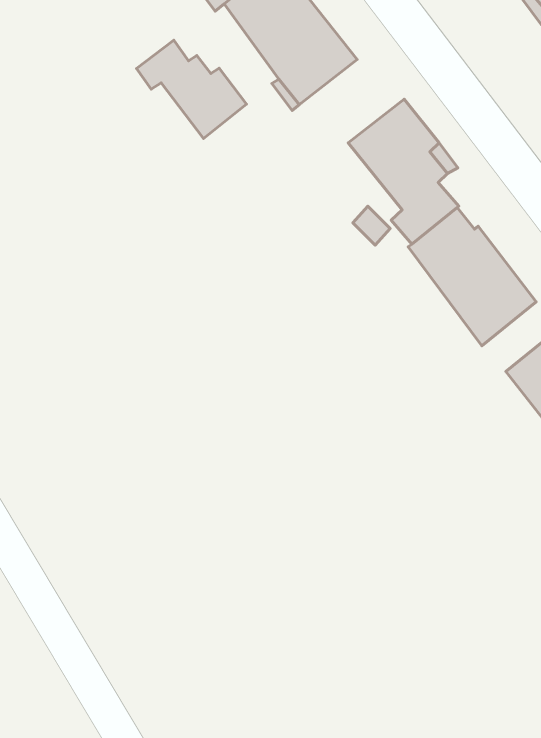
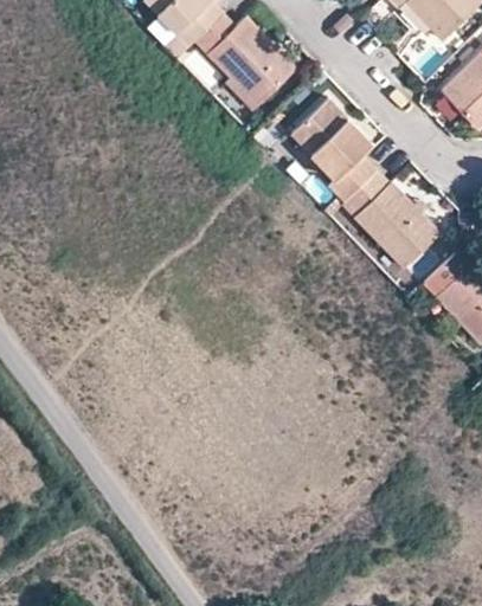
building: [136,40,247,138] -> none

